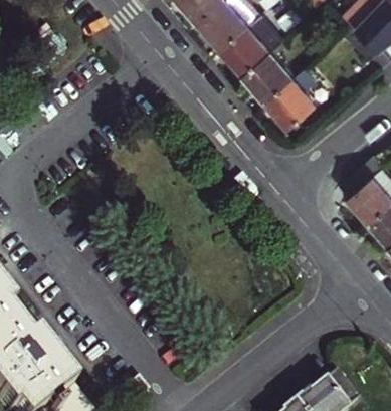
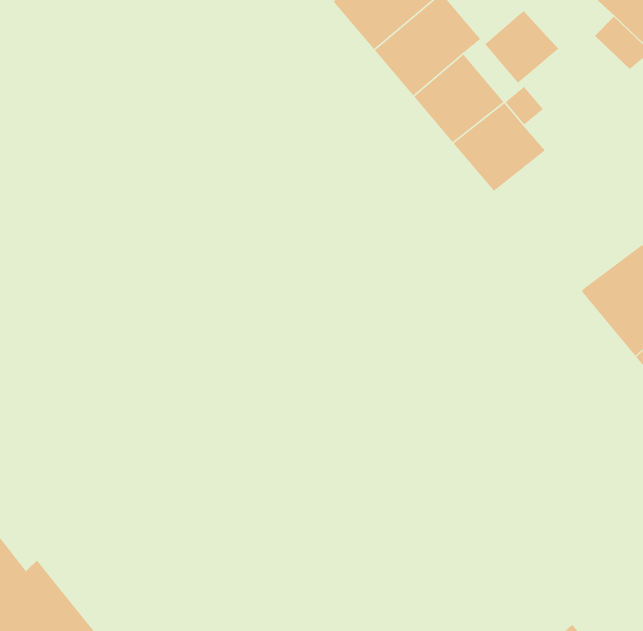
building: none -> [484,10,559,84]

